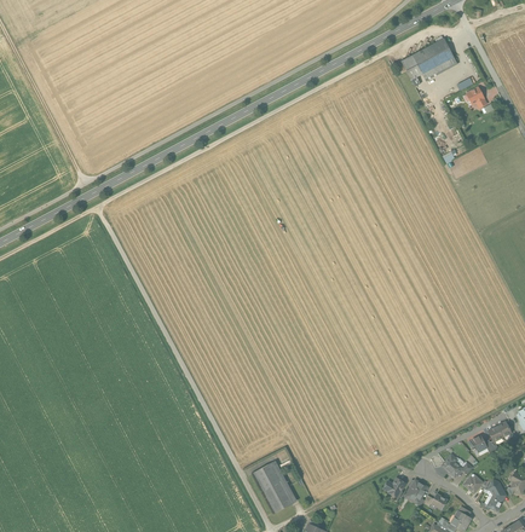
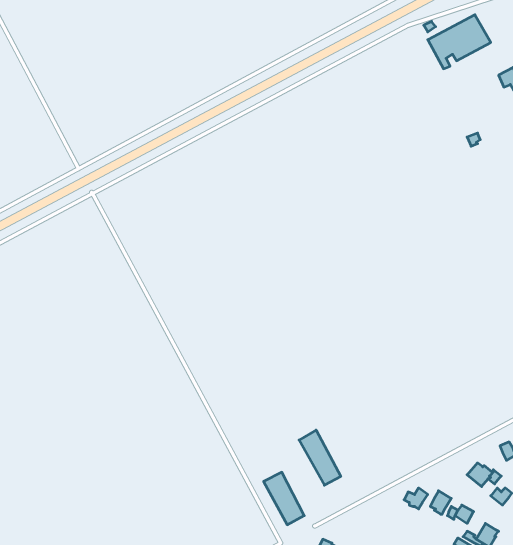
building: none -> [299,430,341,485]

